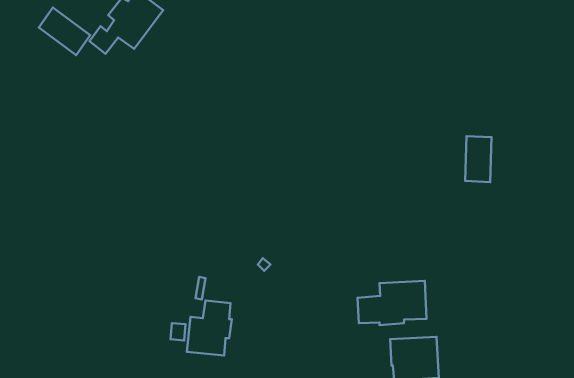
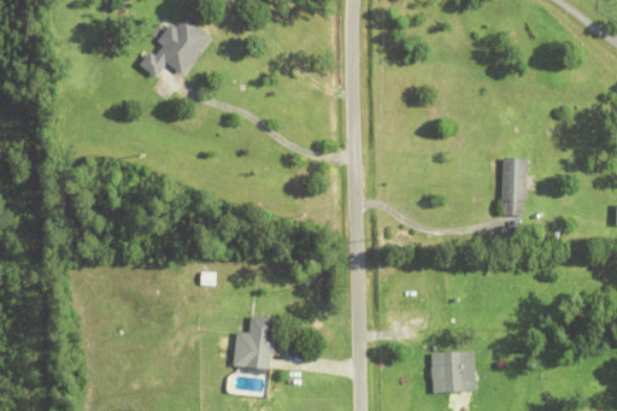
building: [39,8,90,55] -> none
building: [358,281,427,325] -> none

